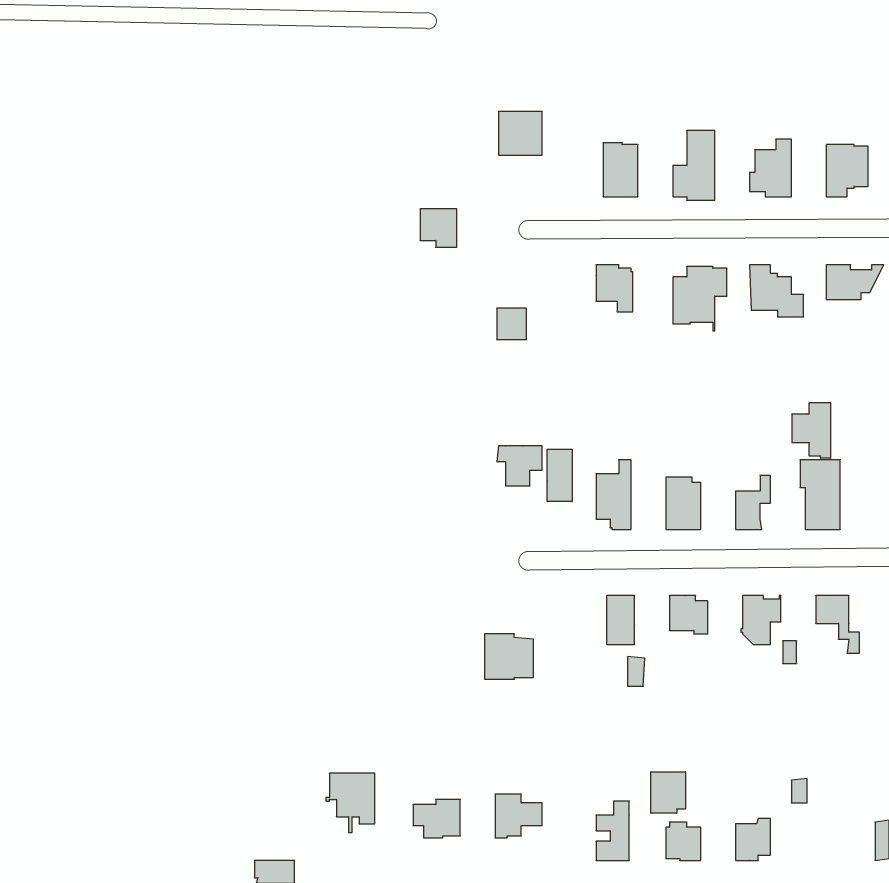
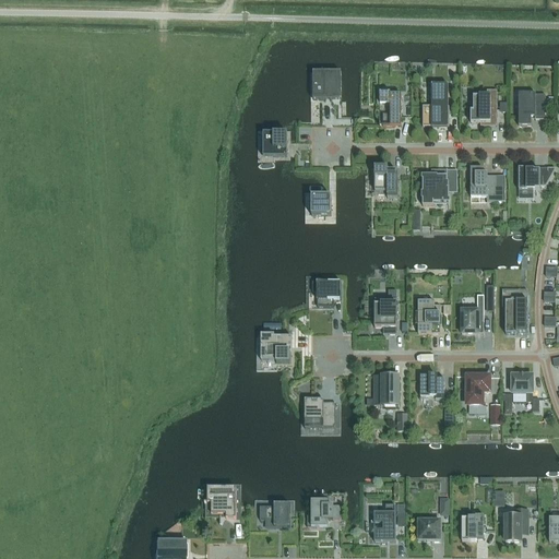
building: [792,403,831,458] -> none
building: [547,449,572,502] -> none
building: none -> [260,332,290,360]
building: [651,772,685,813] -> none
building: none -> [504,508,526,539]

